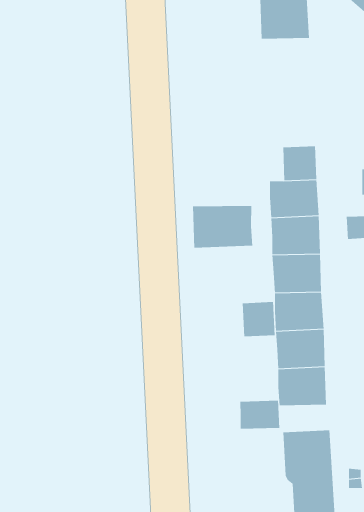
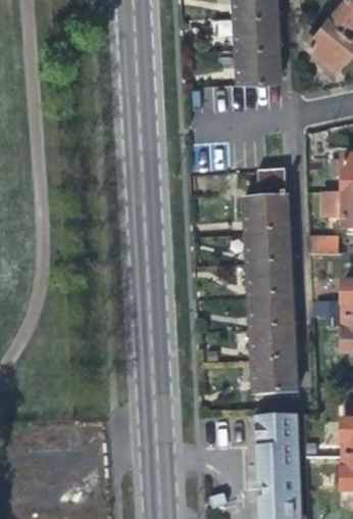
building: [192,205,253,248] -> none
building: [242,301,275,337] -> none
building: [240,400,280,430] -> none

